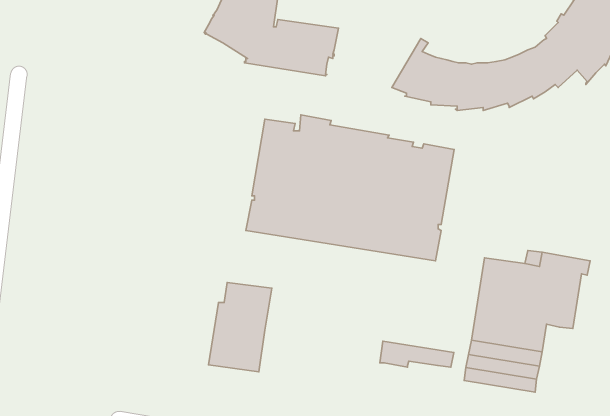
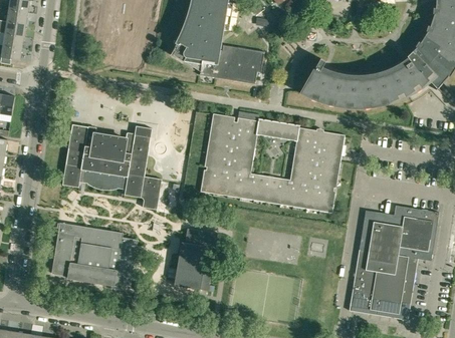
building: none -> [61,124,161,210]
building: none -> [50,226,137,286]
building: [380,341,454,367] -> [349,296,400,314]

